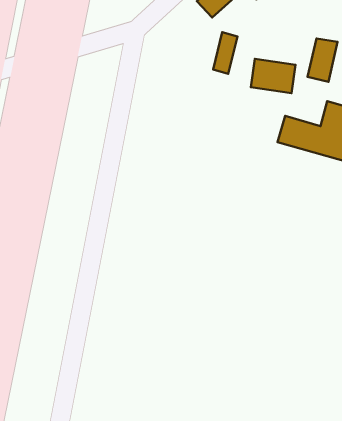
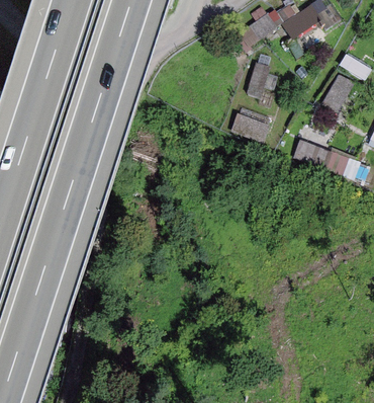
building: [251,59,296,93] -> [231,108,271,141]

